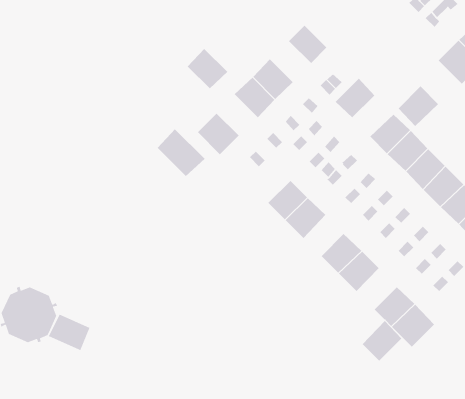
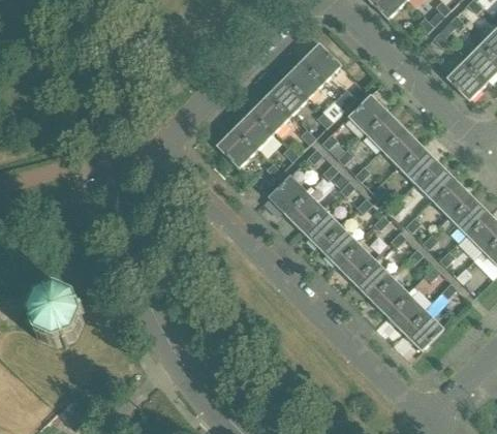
building: none -> [286,59,325,98]
building: [187,48,228,89] -> [236,110,275,149]
building: [398,86,439,127] -> [365,111,404,150]
building: [157,128,205,177] -> none
building: none -> [268,175,306,213]
building: none -> [318,224,356,264]
building: [48,313,90,351] -> none
building: [362,320,402,361] -> [369,275,407,314]

